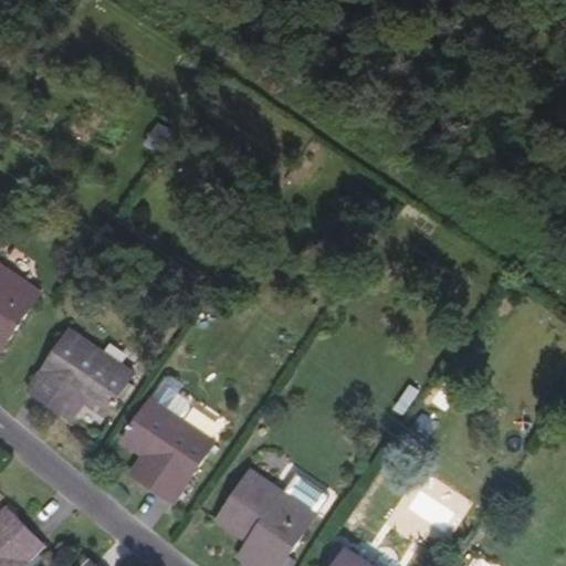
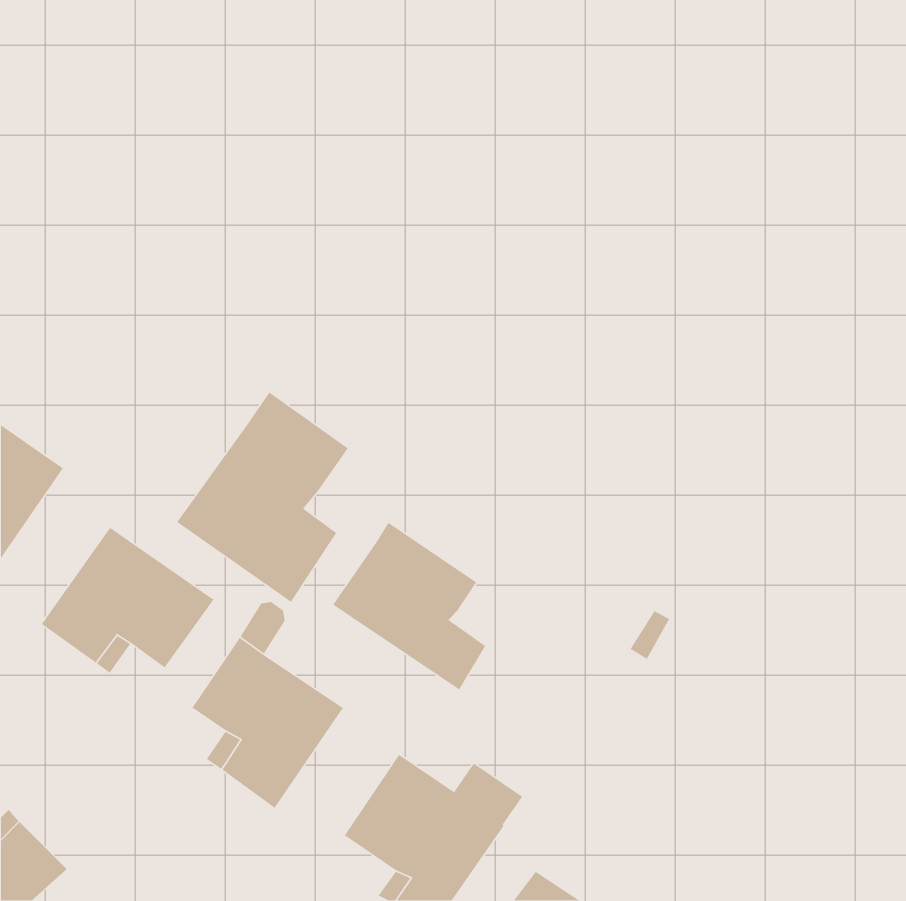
building: none -> [176,391,349,603]
building: none -> [332,522,486,691]

